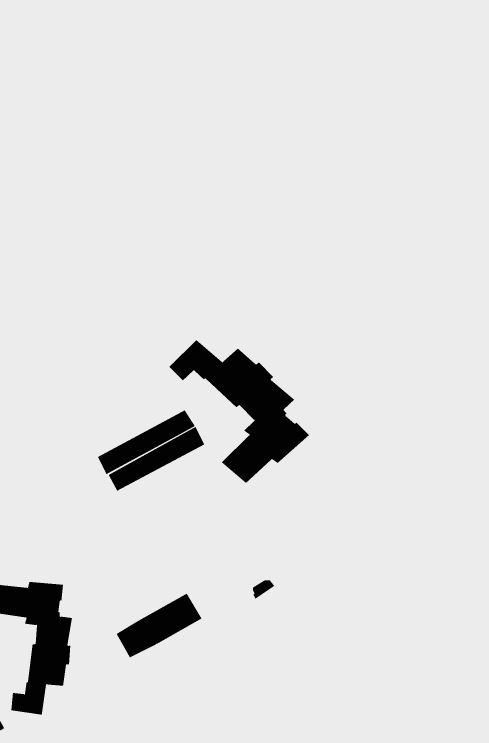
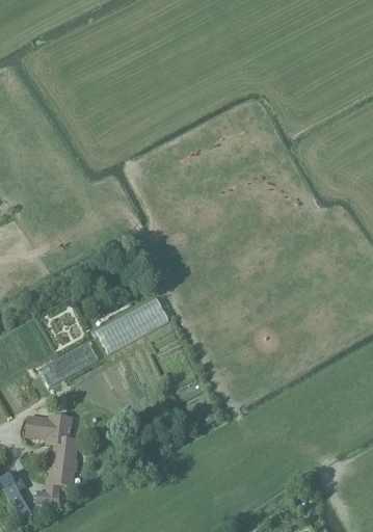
building: [169,339,310,484] -> none
building: [116,593,202,658] -> [38,341,98,385]

